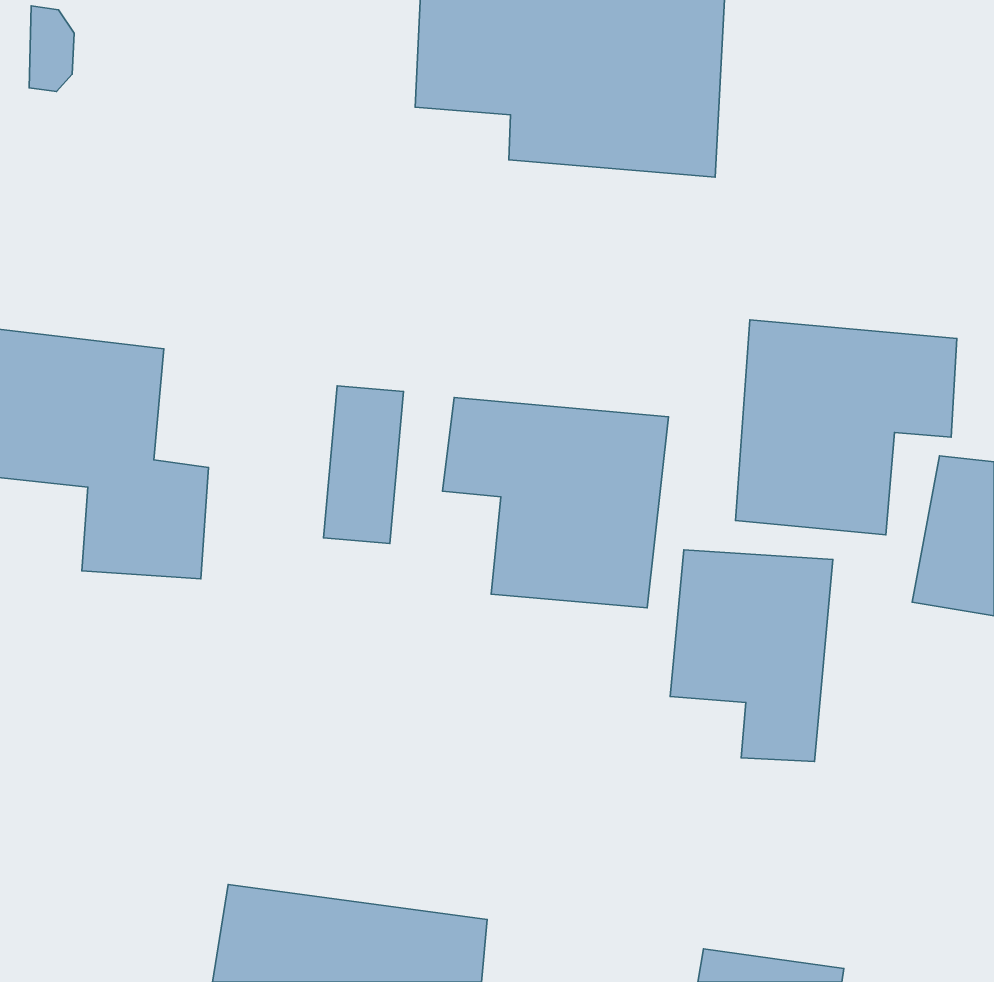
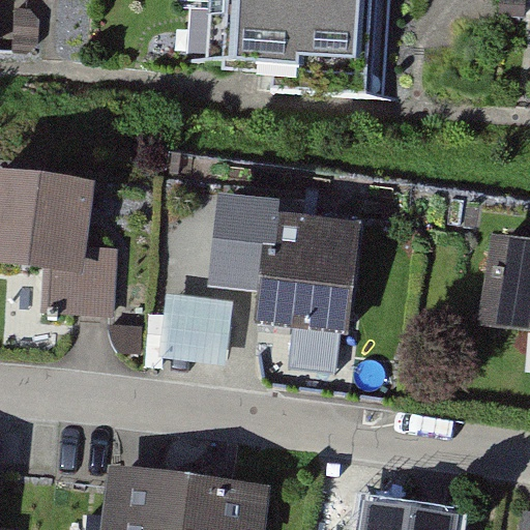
building: [735,320,957,535] -> none
building: none -> [163,289,240,362]
building: [670,550,833,761] -> none

